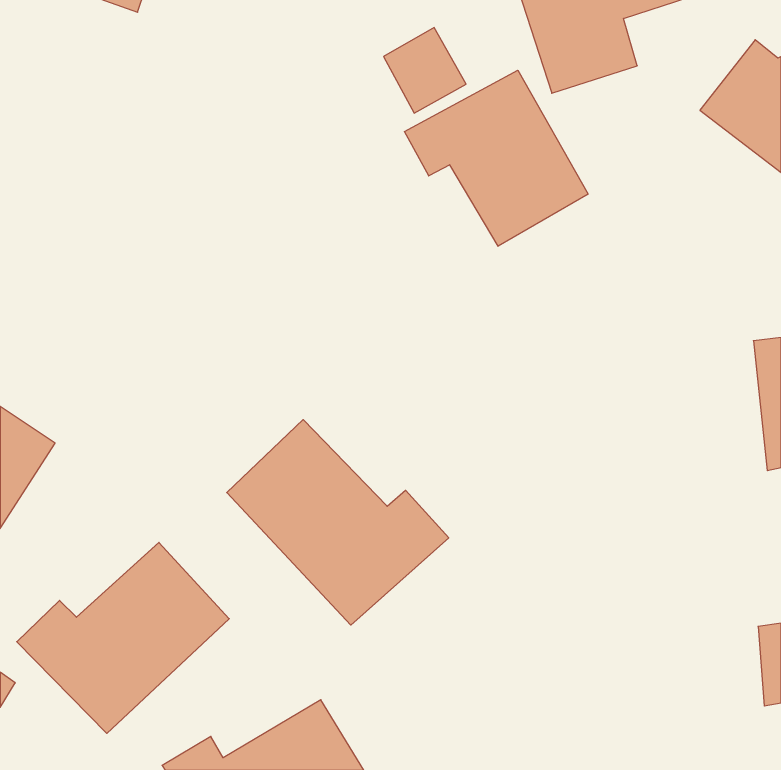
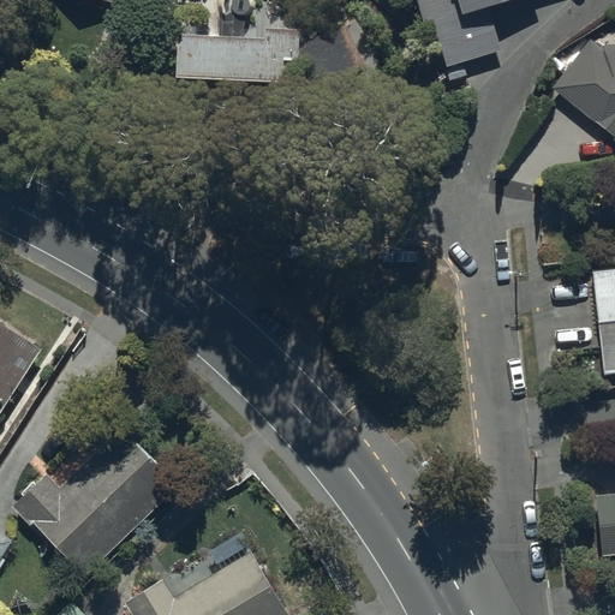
building: none -> [187,28,299,86]
building: [404,70,588,246] -> none
building: [227,420,449,625] -> none

